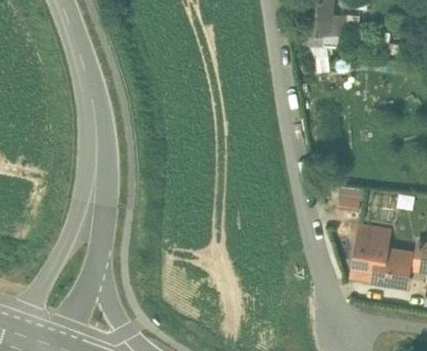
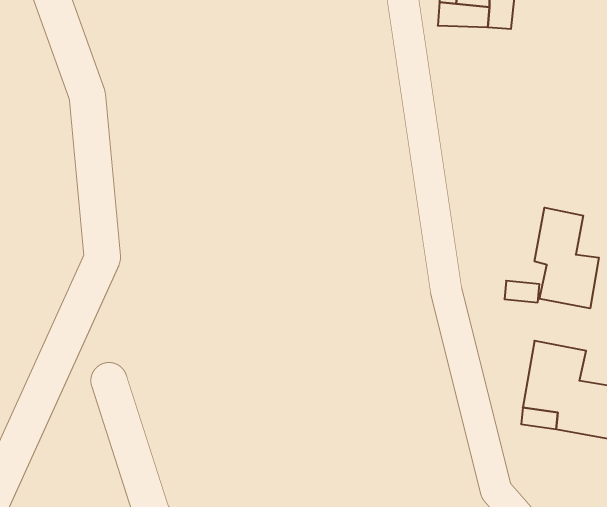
building: none -> [535,208,599,308]

